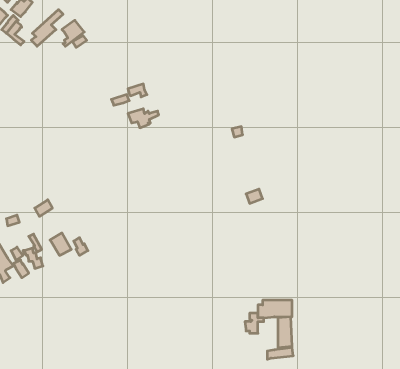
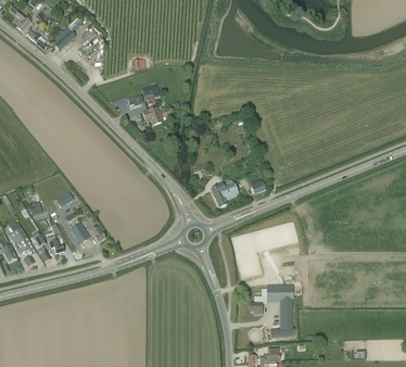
building: none -> [210,179,239,207]

